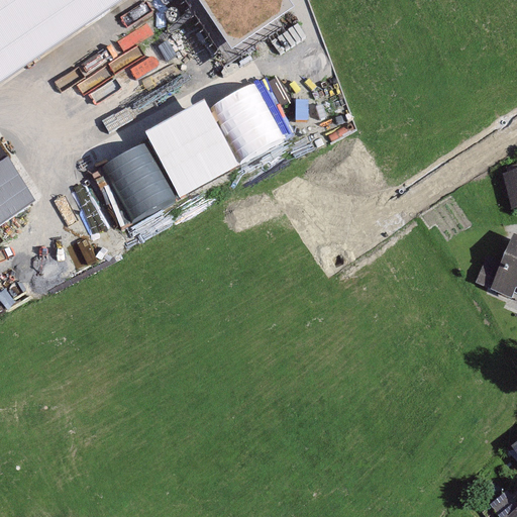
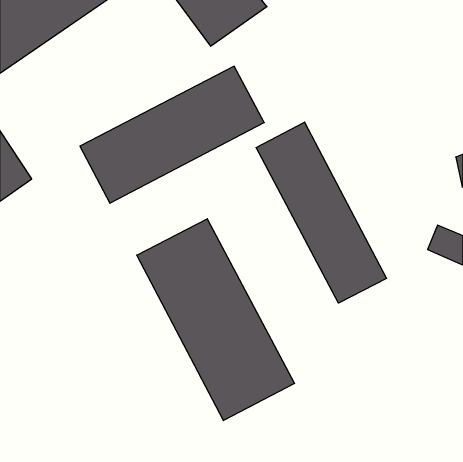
building: none -> [256,122,387,303]
building: none -> [137,219,295,421]

